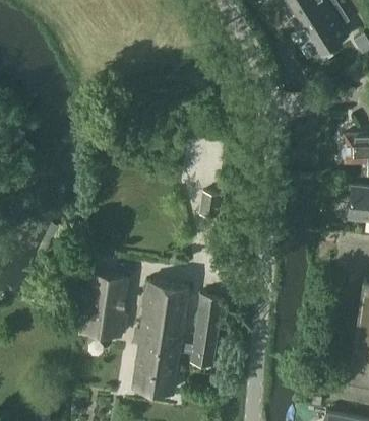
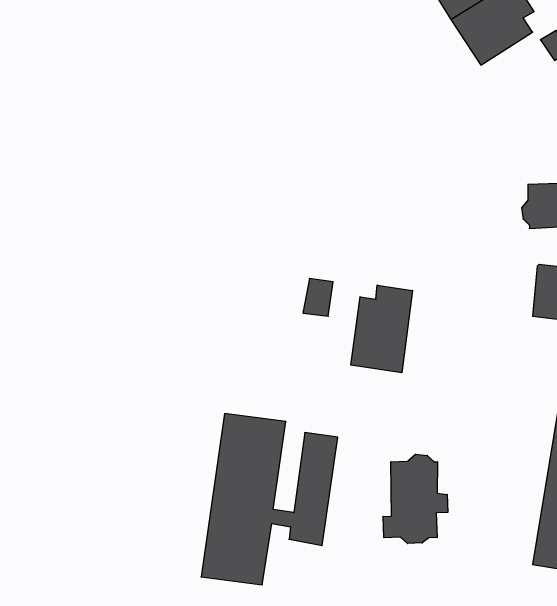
building: none -> [351,285,412,373]
building: [81,273,127,336] -> none
building: none -> [383,454,448,544]

